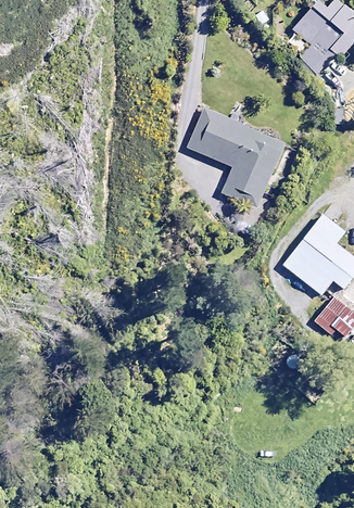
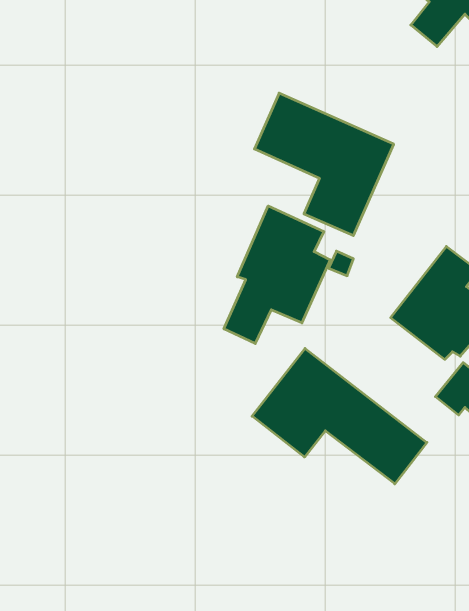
building: none -> [224,206,330,344]
building: none -> [252,348,427,484]

